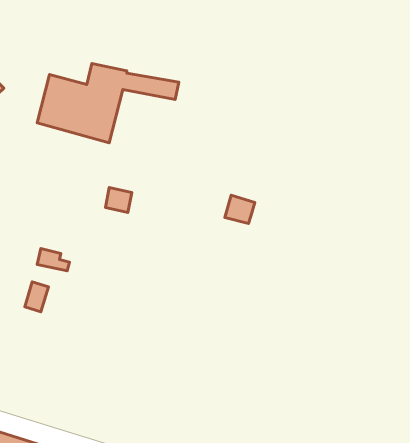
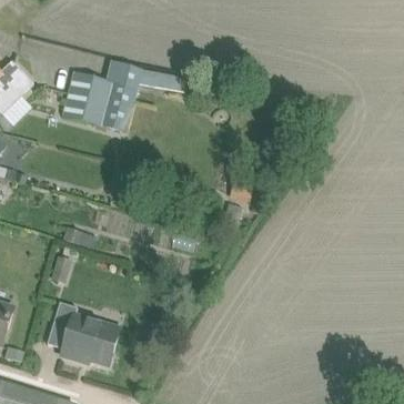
building: none -> [47,303,120,365]

